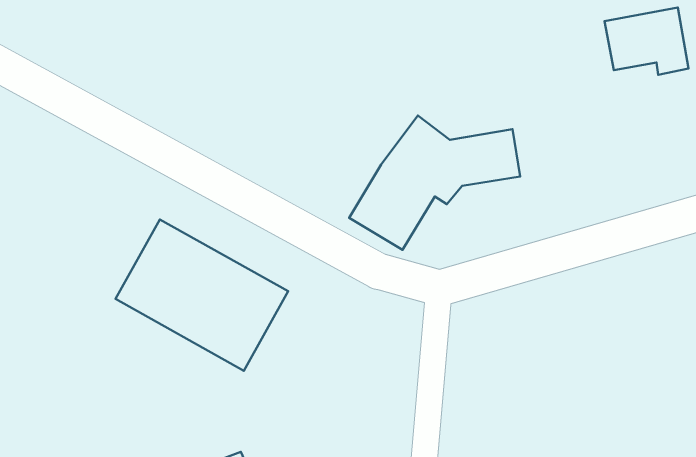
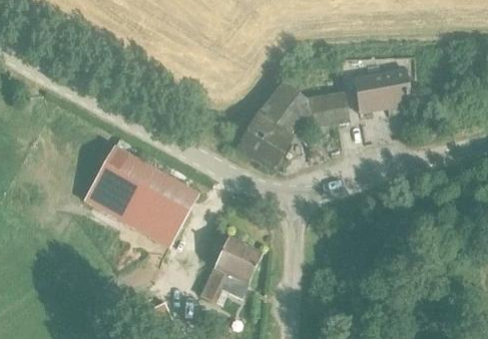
building: [605,7,689,75] -> [354,68,409,112]
building: none -> [204,237,264,298]

